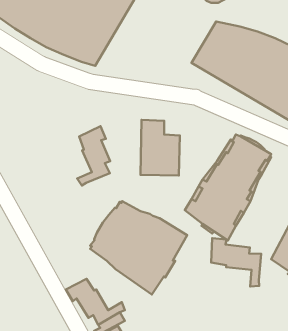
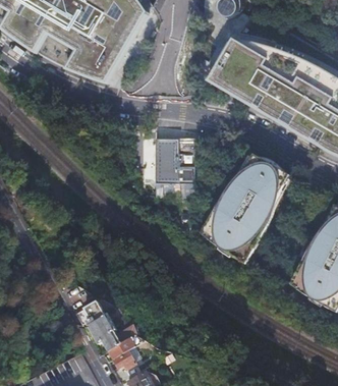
building: [77,126,110,186] -> none
building: [90,201,187,294] -> none
building: [211,238,261,286] -> none

